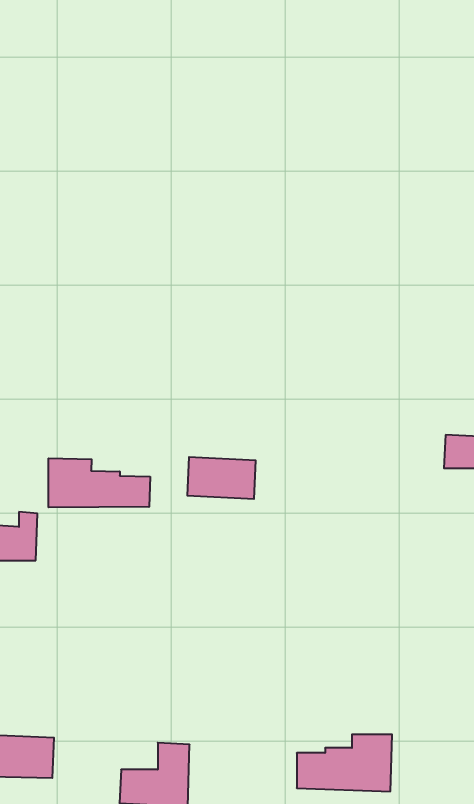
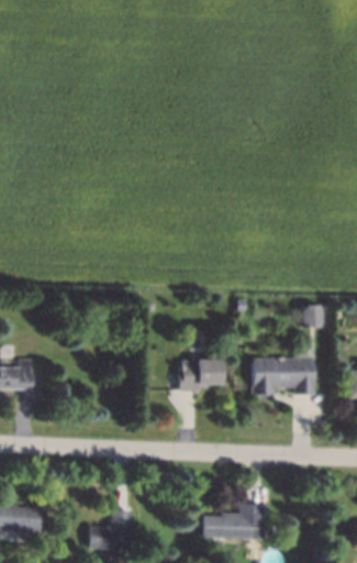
building: [187,457,256,499] -> [176,361,221,388]
building: [49,458,150,507] -> none
building: none -> [252,356,314,396]

